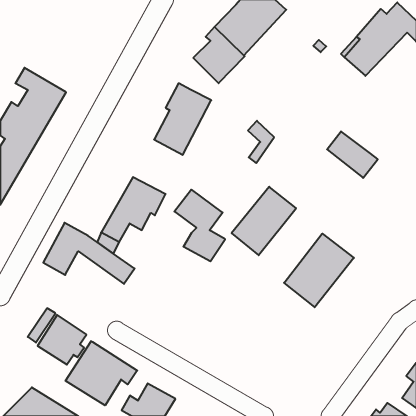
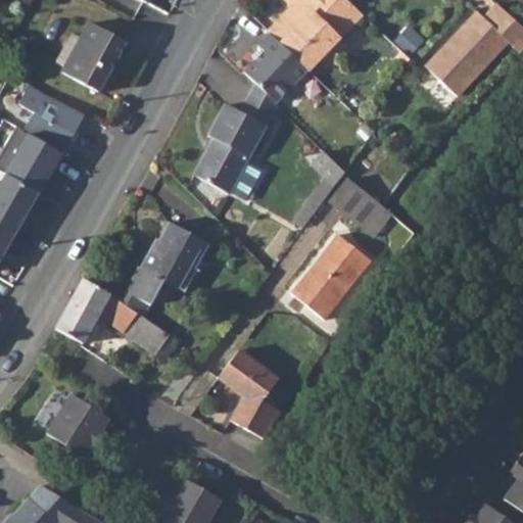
building: none -> [57,22,127,93]
building: none -> [240,84,277,126]
building: [327,131,378,178] -> [329,179,392,237]
building: [174,190,225,261] -> [220,349,283,439]
building: [284,234,354,307] -> none
building: [66,341,137,405] -> none

